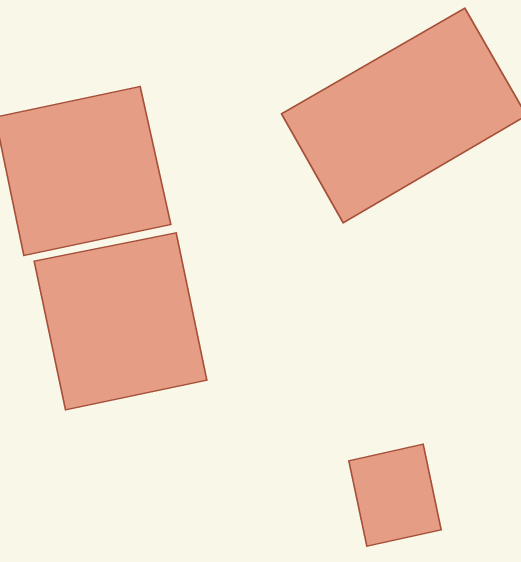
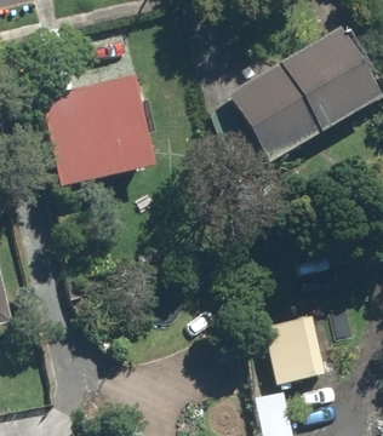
building: [34,233,207,410] -> none

